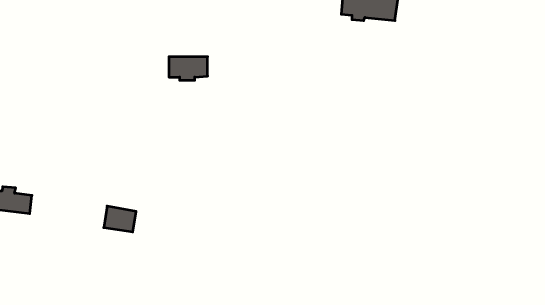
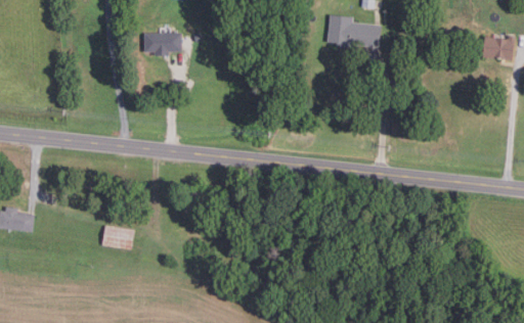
building: none -> [483,36,515,59]
building: [169,57,208,80] -> [143,33,180,55]

